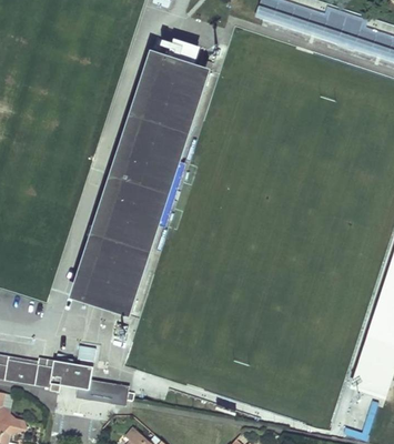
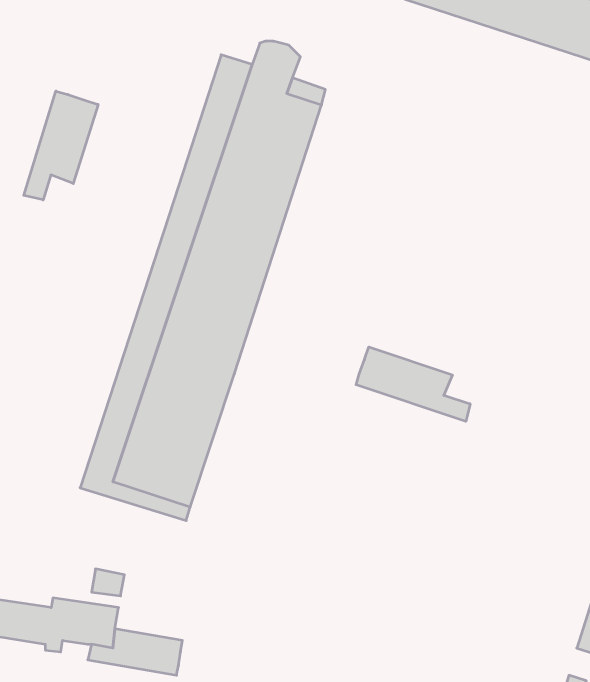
building: none -> [24,91,98,200]
building: none -> [356,347,470,421]

